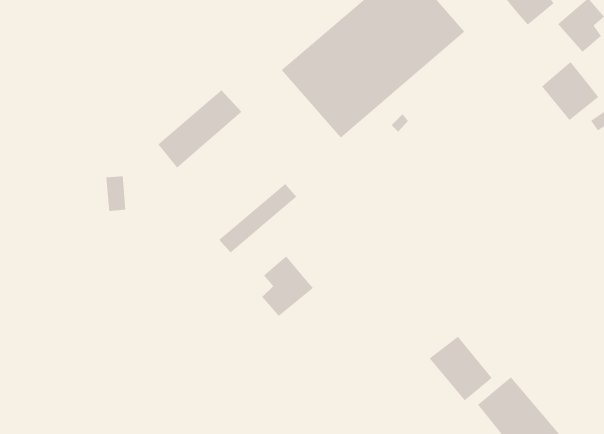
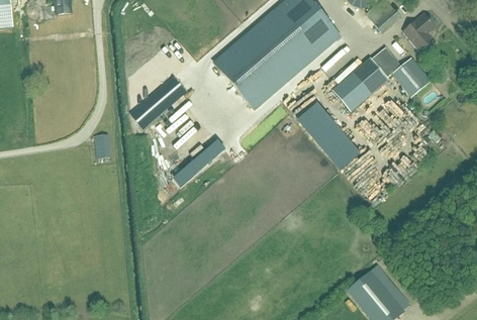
building: none -> [331,48,399,111]
building: none -> [297,101,360,169]
building: [262,256,314,317] -> none
building: [429,336,492,401] -> none

